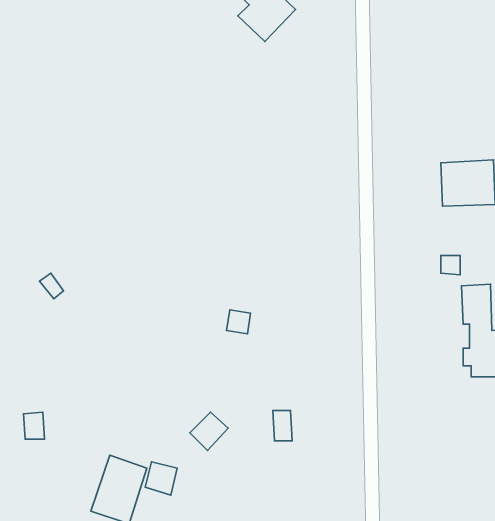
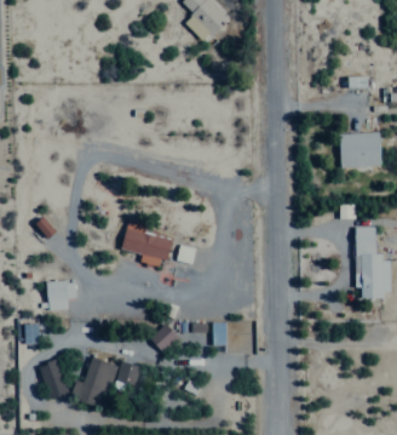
building: none -> [122,219,172,269]
building: none -> [47,281,76,310]
building: none -> [40,360,68,399]

